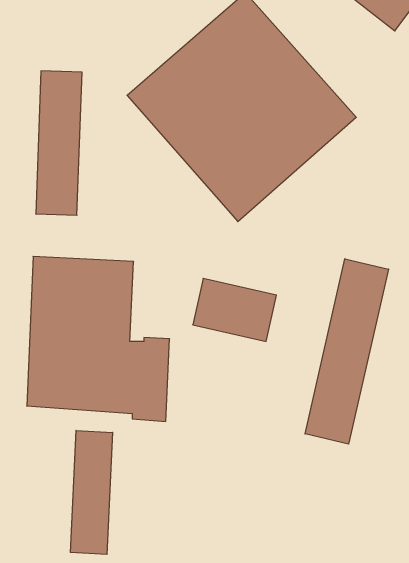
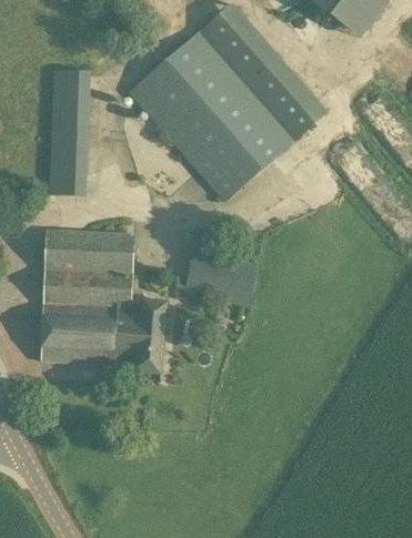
building: [305,259,389,444] -> none
building: [70,430,113,554] -> none

